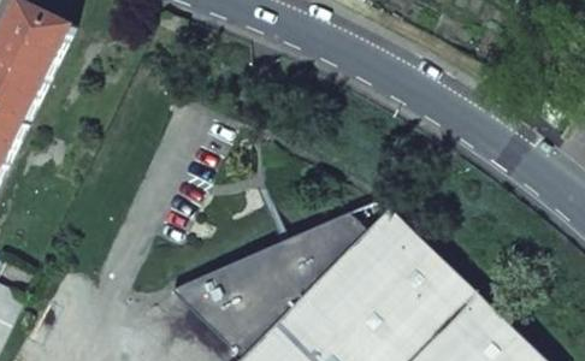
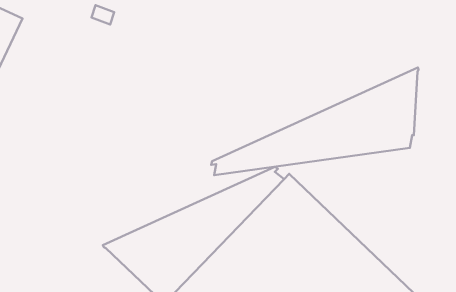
building: none -> [211,68,418,175]

